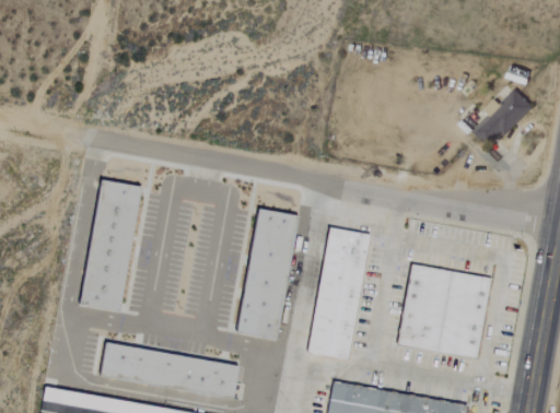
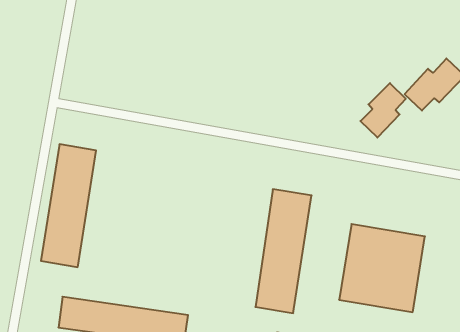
building: none -> [360,83,406,138]
building: [237,210,296,340] -> none

